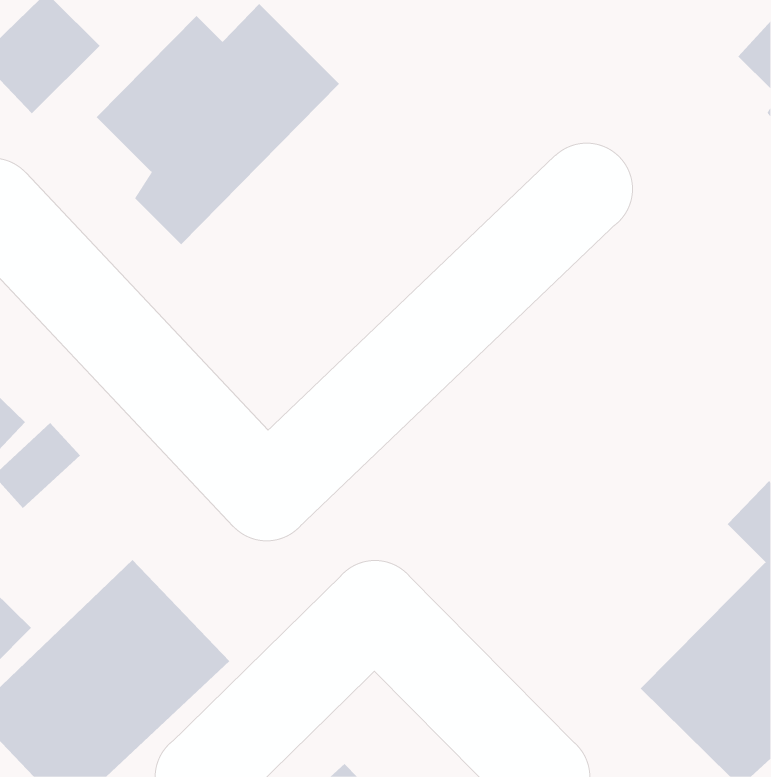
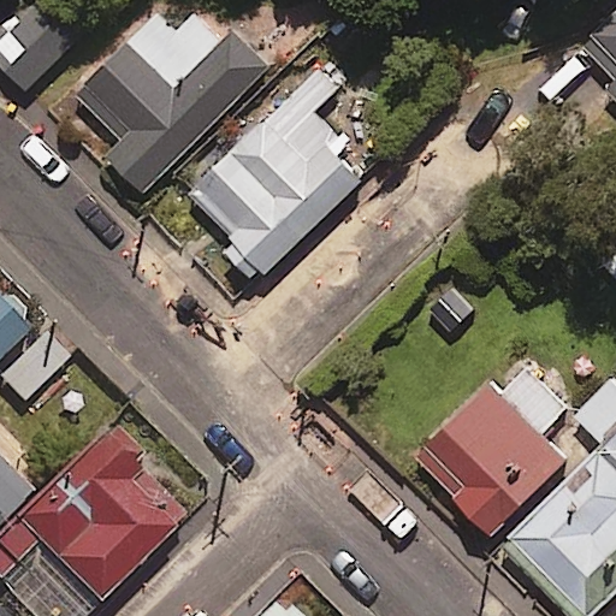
building: none -> [190,66,369,282]
building: none -> [416,368,567,534]

